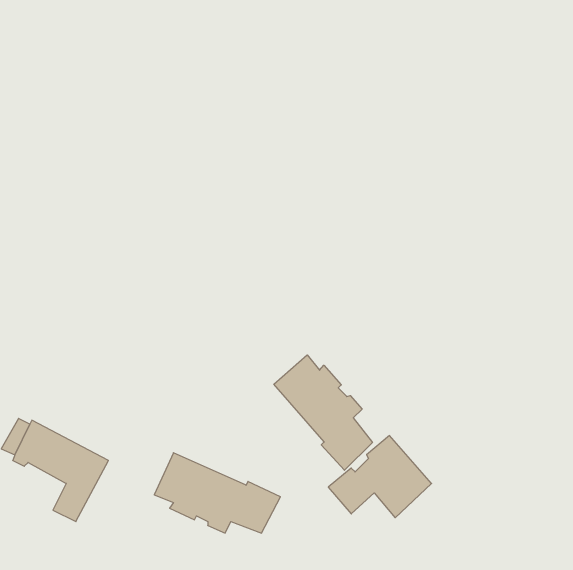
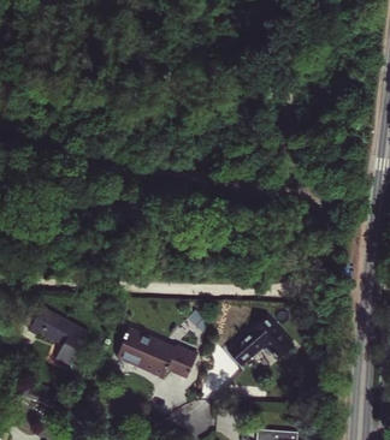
building: [274,355,372,470] -> none

